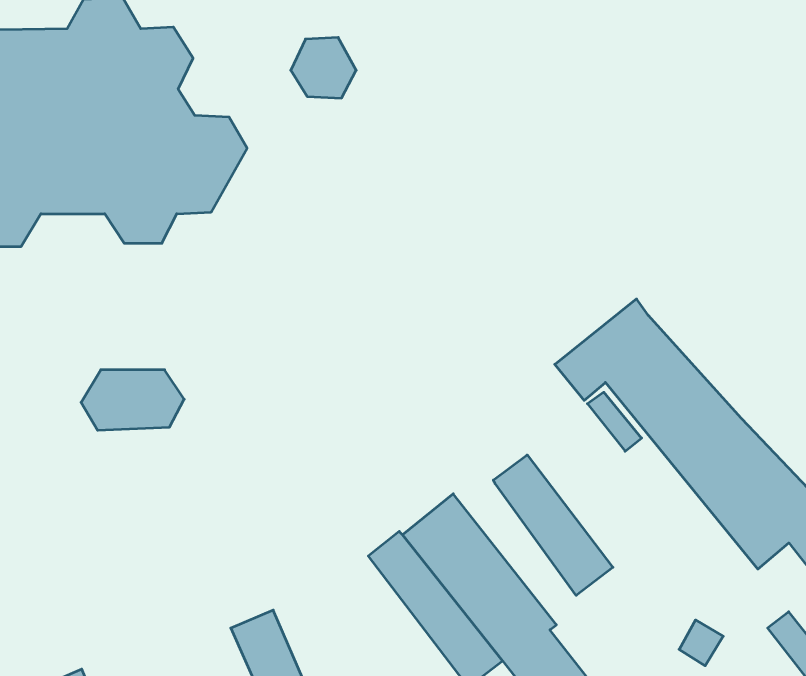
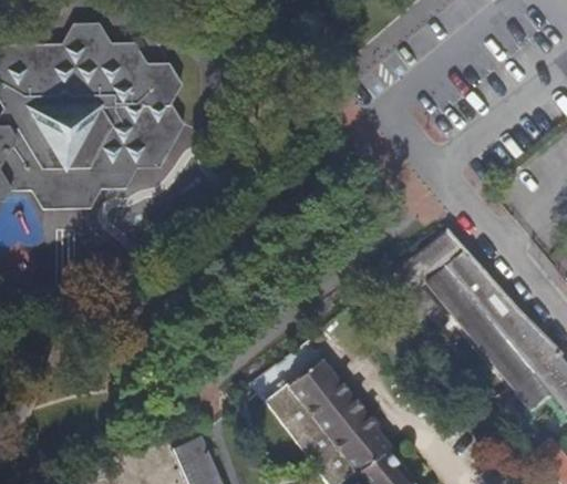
building: [291,37,356,98] -> [138,63,183,104]
building: [81,370,184,430] -> [32,169,102,210]
building: [493,455,613,595] -> none

